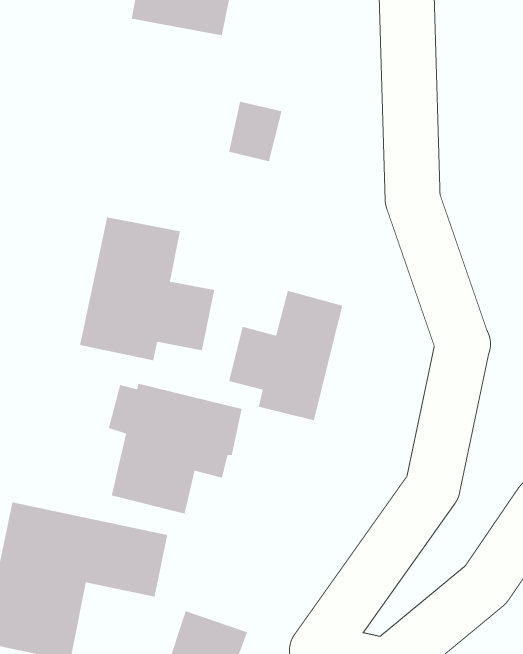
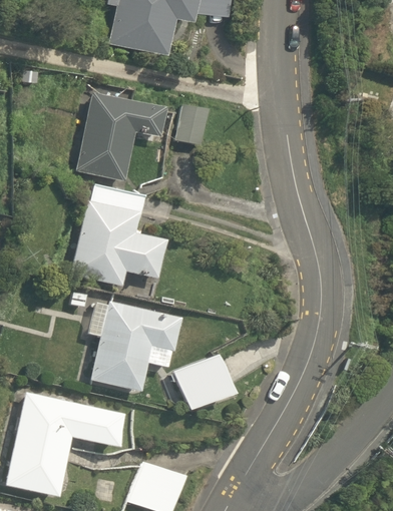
building: none -> [73,87,161,179]
building: [228,290,343,421] -> none
building: none -> [175,354,236,412]

